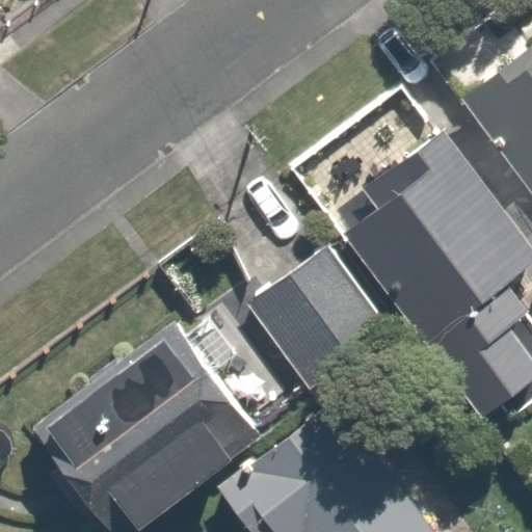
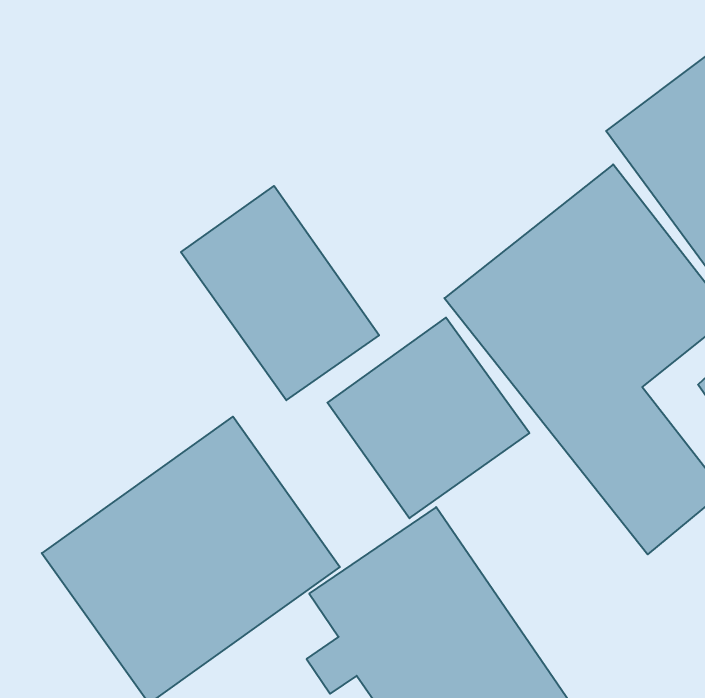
building: none -> [181,186,379,400]

